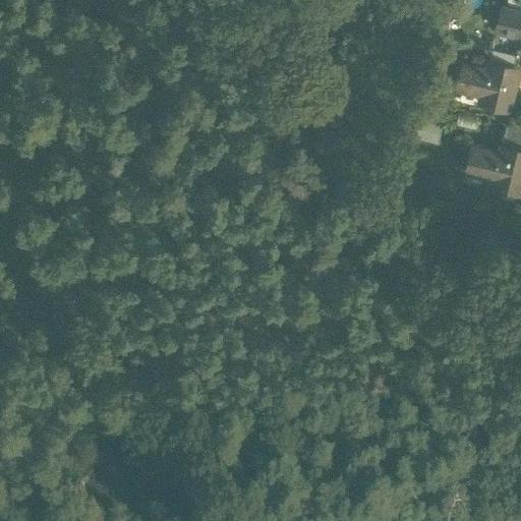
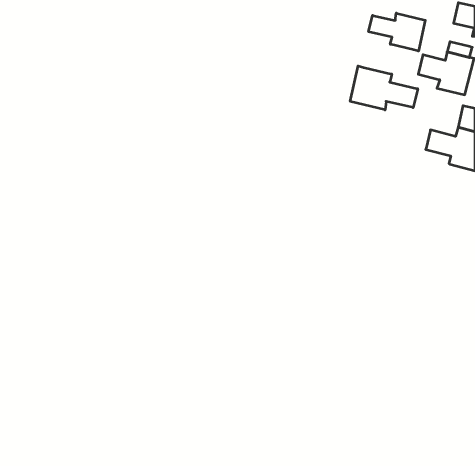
building: none -> [369,13,425,51]
building: none -> [350,66,418,110]

